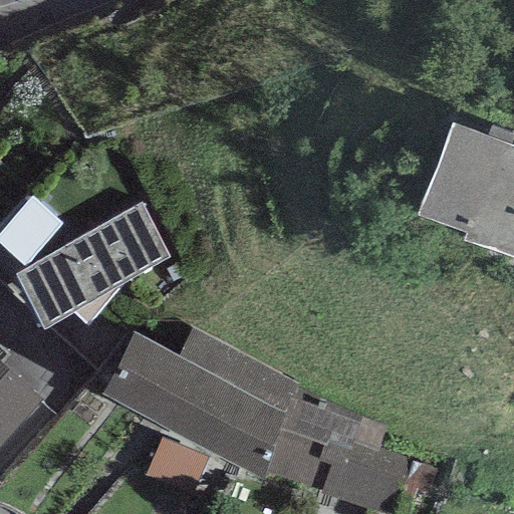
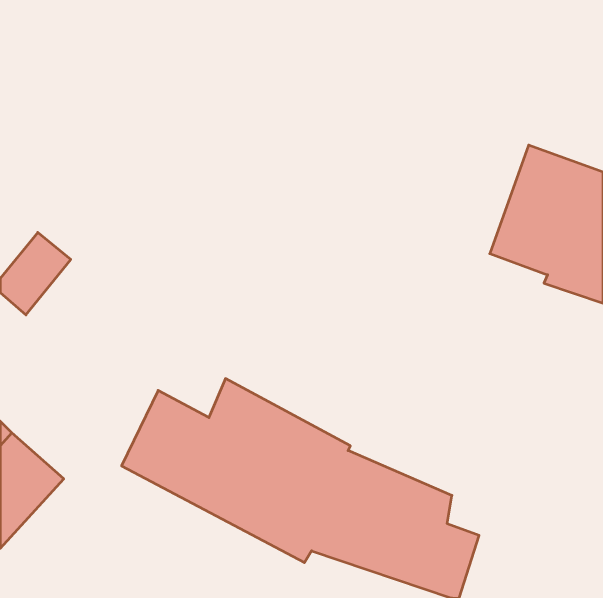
building: [15,204,167,335] -> none

